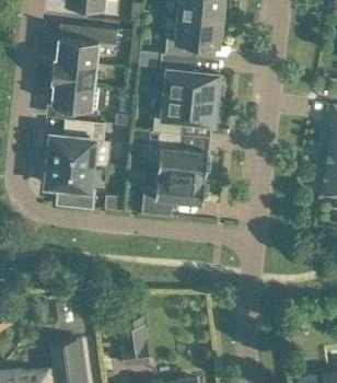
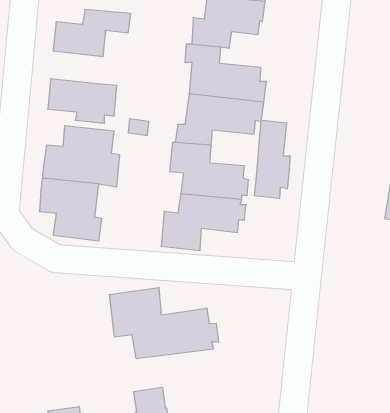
building: [49,58,95,85] -> none
building: none -> [254,120,290,198]
building: none -> [110,287,218,359]

